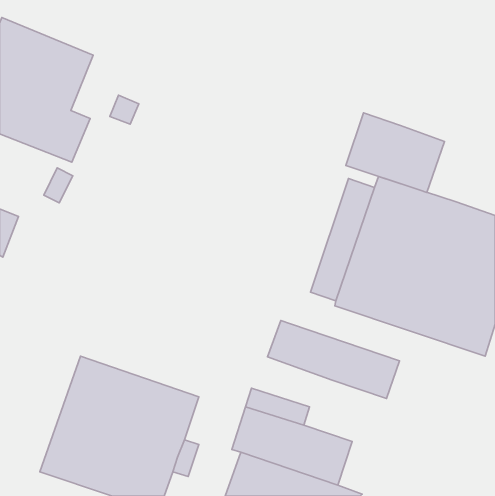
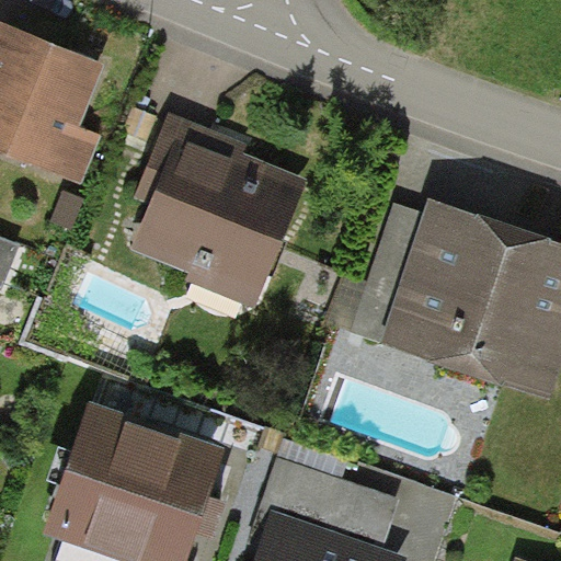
building: none -> [129,112,306,307]
building: [346,113,444,192] -> none
building: [268,321,400,398] -> none

